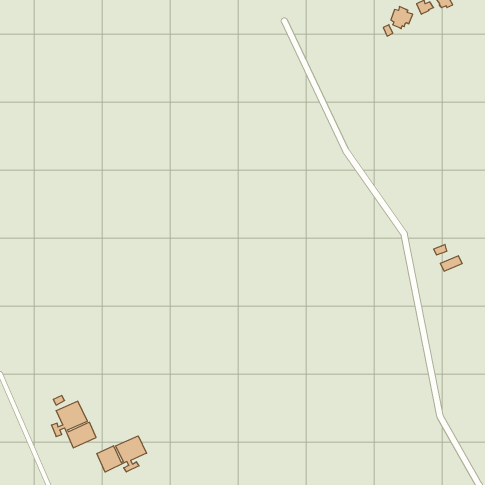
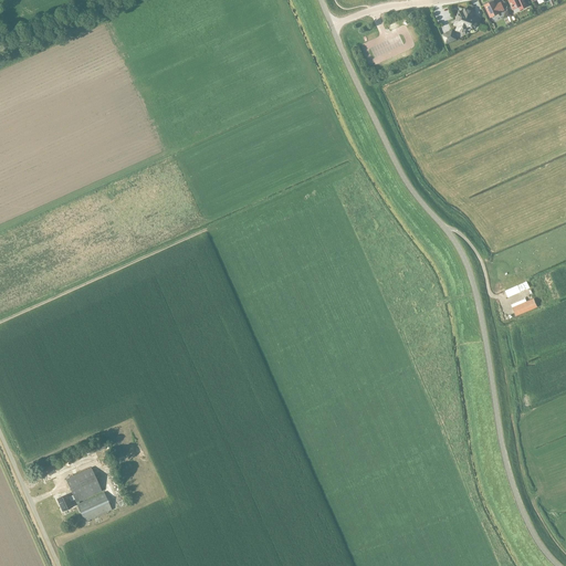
building: [97,436,147,472] -> none

